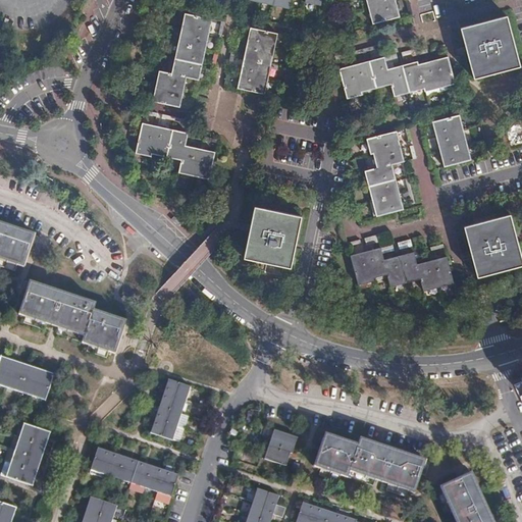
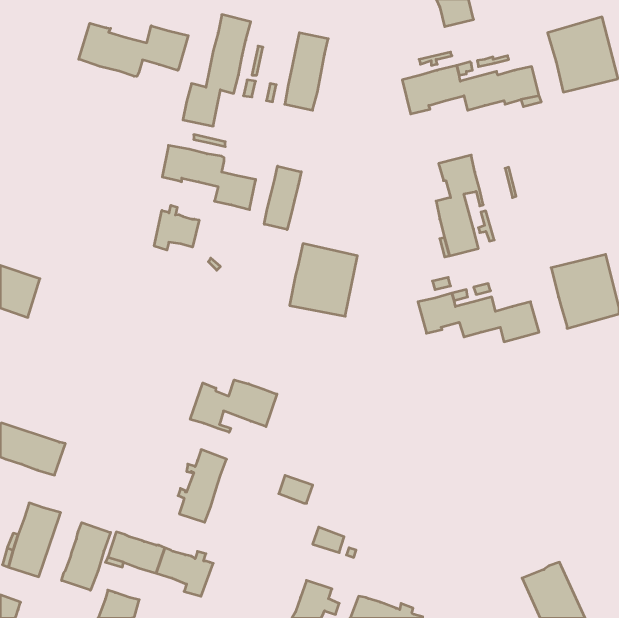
building: none -> [79,23,188,76]
building: [432,114,472,166] -> none
building: none -> [264,166,301,230]
building: none -> [154,205,199,250]
building: [19,282,126,353] -> none
building: none -> [190,380,277,432]
building: [268,428,297,452] -> [279,475,313,503]
building: [313,433,425,492] -> none
building: none -> [62,523,111,590]

